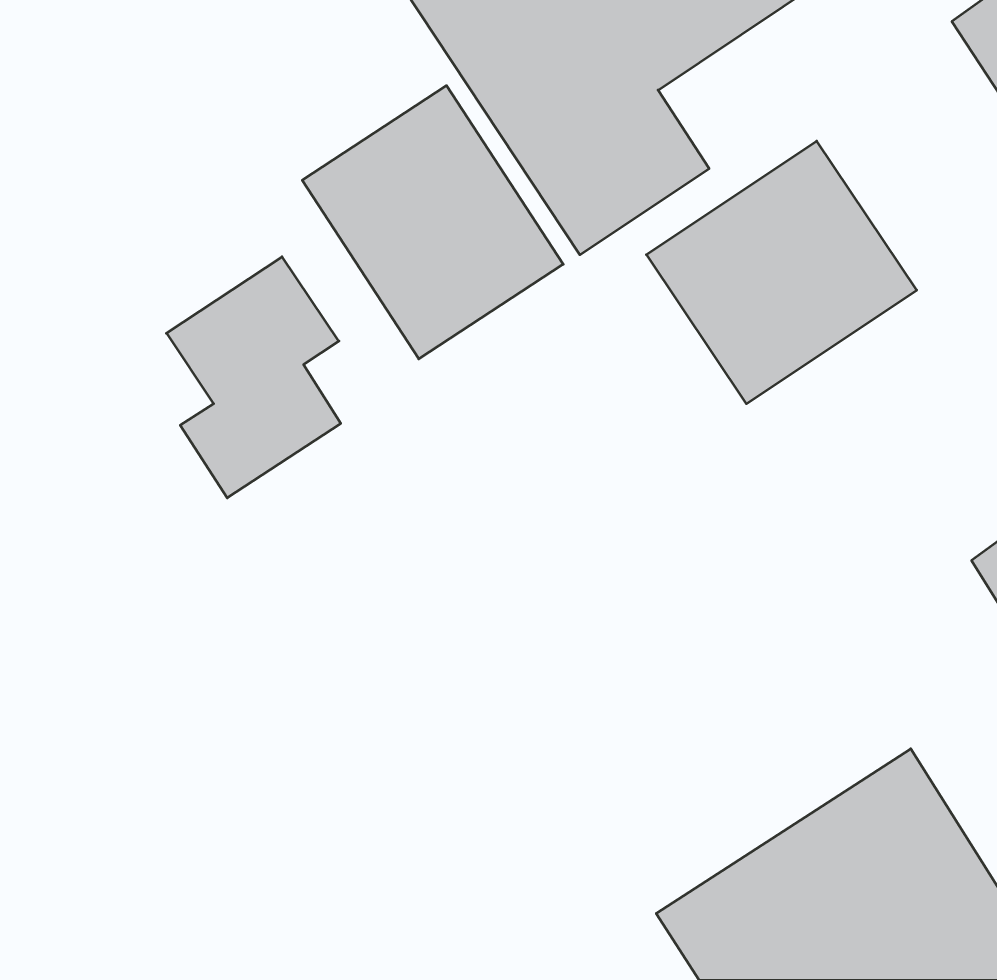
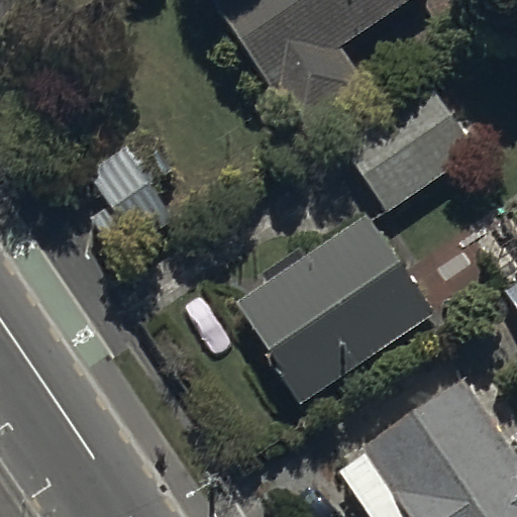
building: [302,86,563,359] -> none
building: none -> [237,216,433,401]

